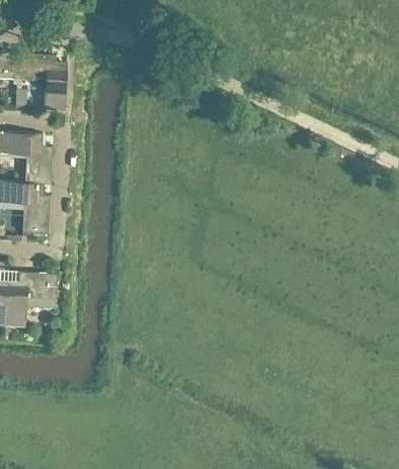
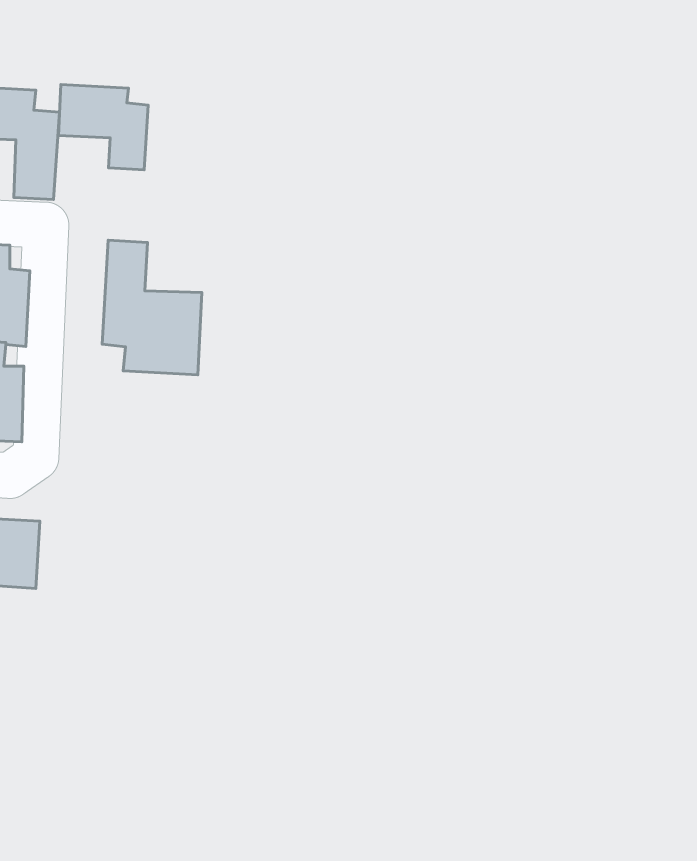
building: none -> [59,84,148,170]
building: none -> [102,240,202,375]

